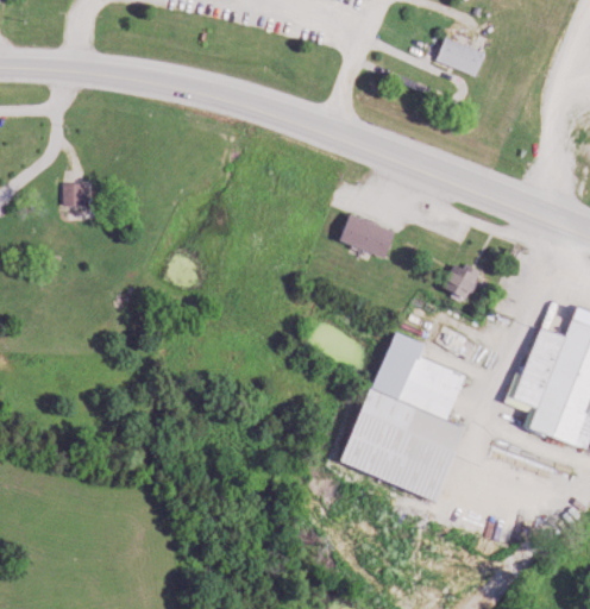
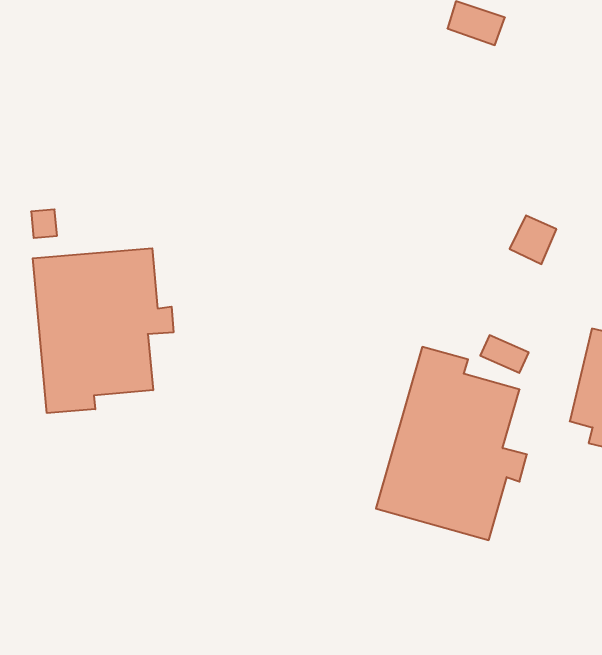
building: [339,214,401,259] -> none
building: none -> [33,248,173,413]
building: [440,260,482,303] -> [510,215,556,264]

